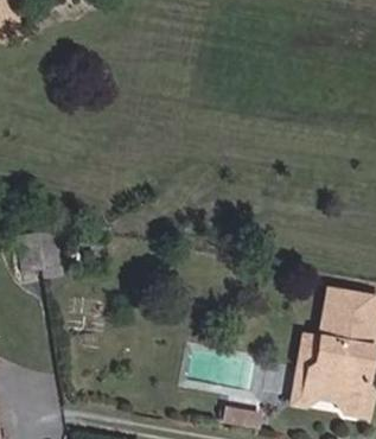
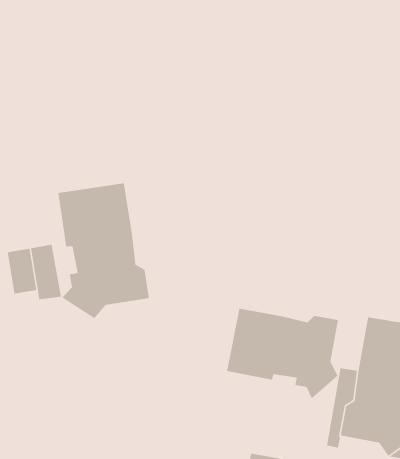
building: none -> [57,183,150,319]
building: none -> [226,308,339,400]

